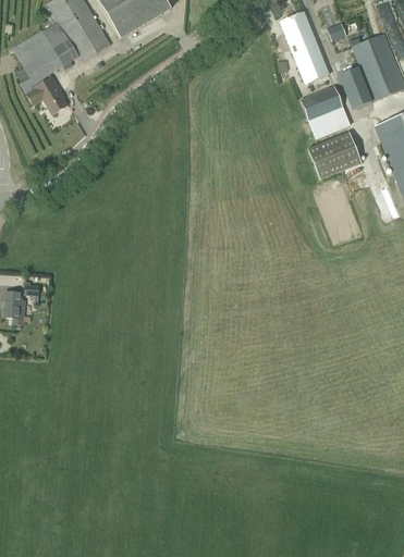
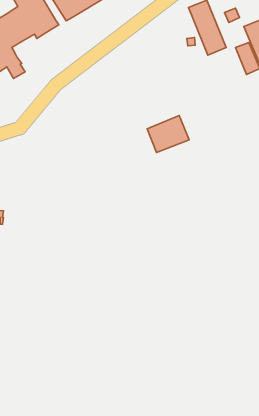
building: [301,85,350,138] -> none
building: [308,131,363,178] -> [147,116,189,152]

